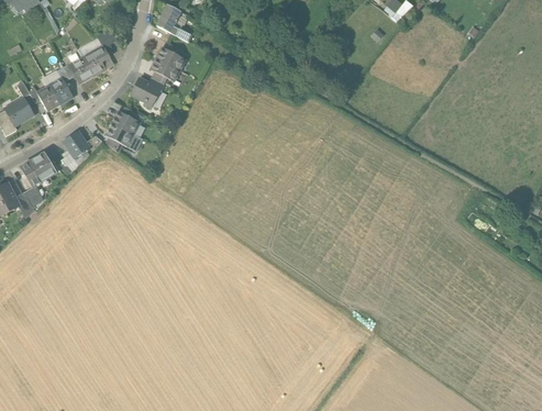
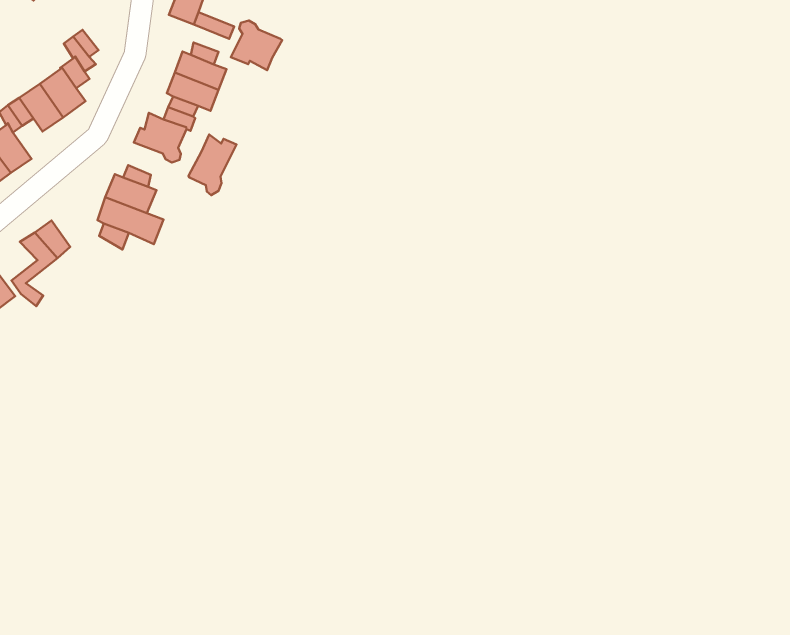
building: none -> [231,21,282,70]
building: none -> [189,135,236,195]

